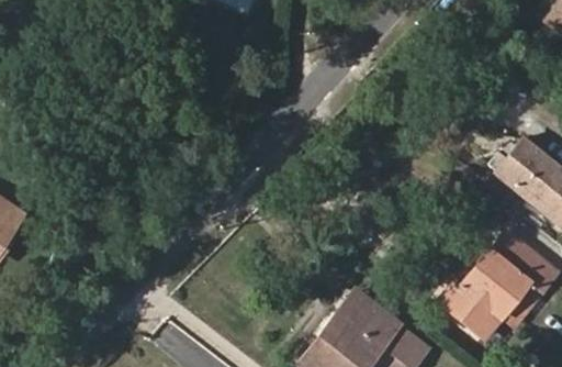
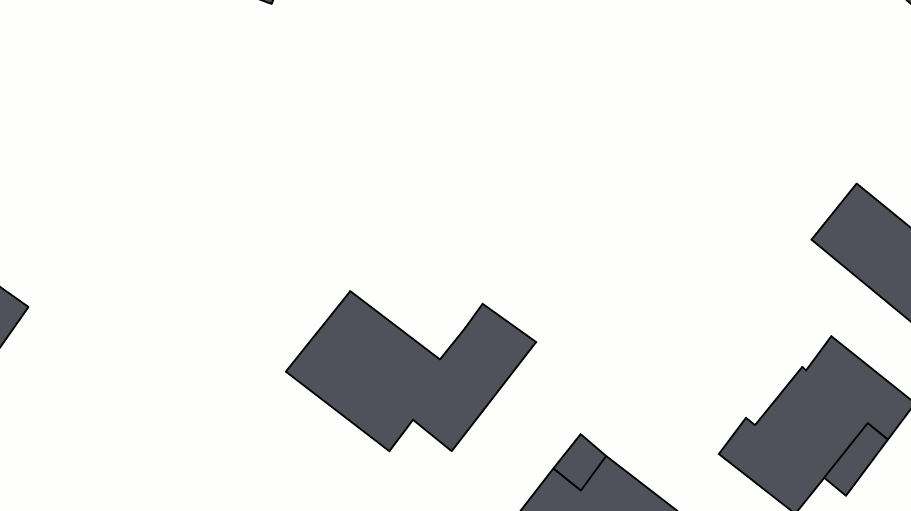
building: none -> [286,291,536,451]

